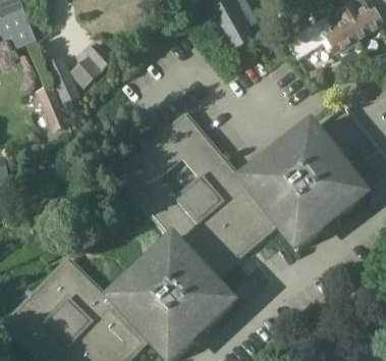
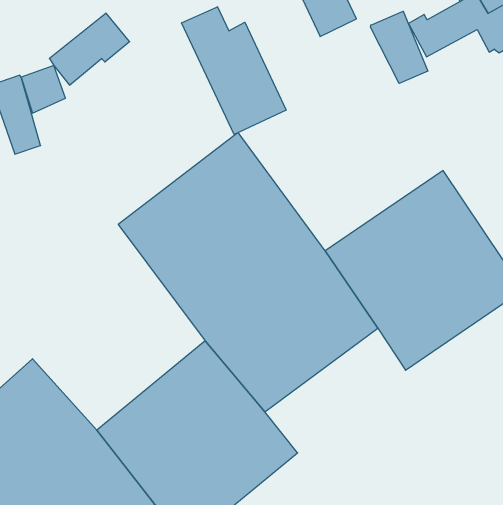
building: none -> [371,11,428,83]
building: none -> [182,7,286,134]

